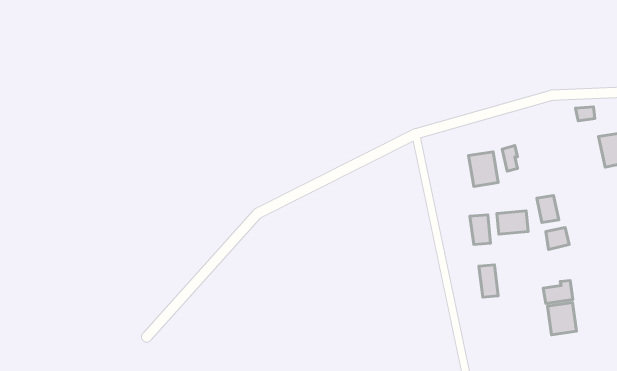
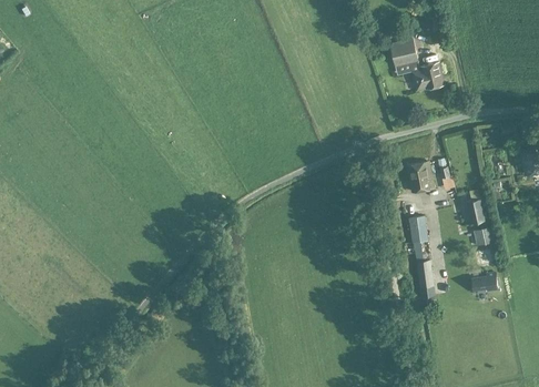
building: none -> [391,40,445,91]
building: [497,211,528,234] -> none
building: [547,302,576,335] -> none

